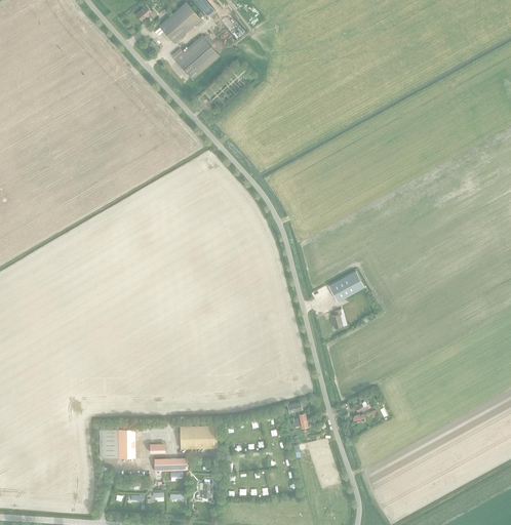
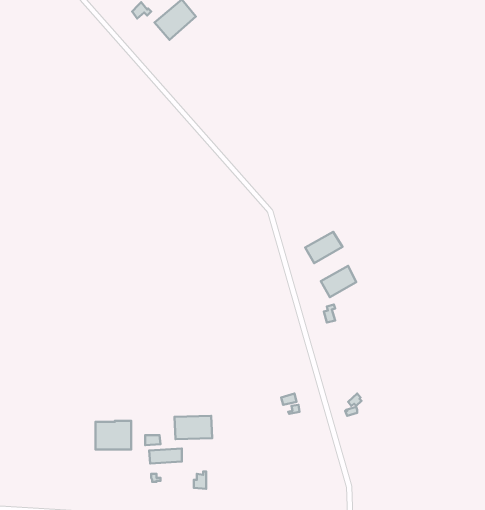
building: [172,35,220,79] -> none
building: none -> [305,232,343,263]

